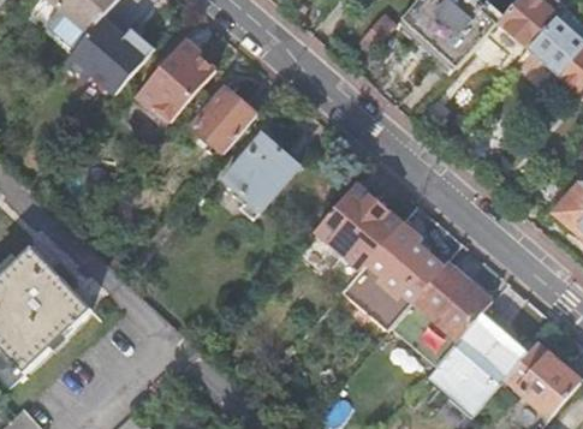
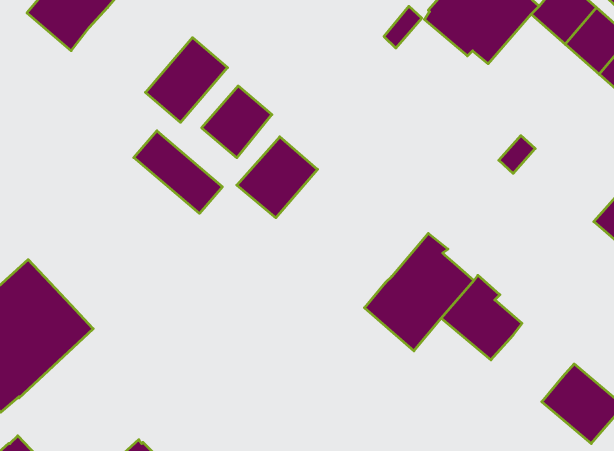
building: [71,14,137,82] -> none
building: none -> [134,131,222,213]
building: [316,183,401,268] -> none
building: [429,316,525,415] -> none

